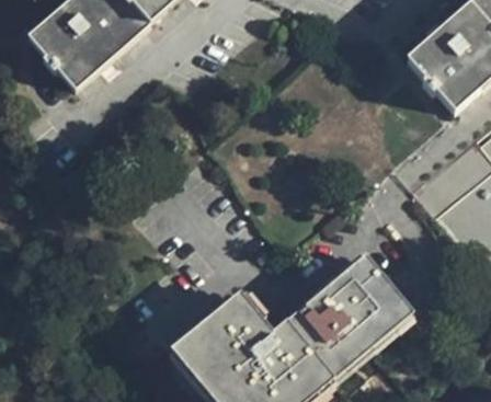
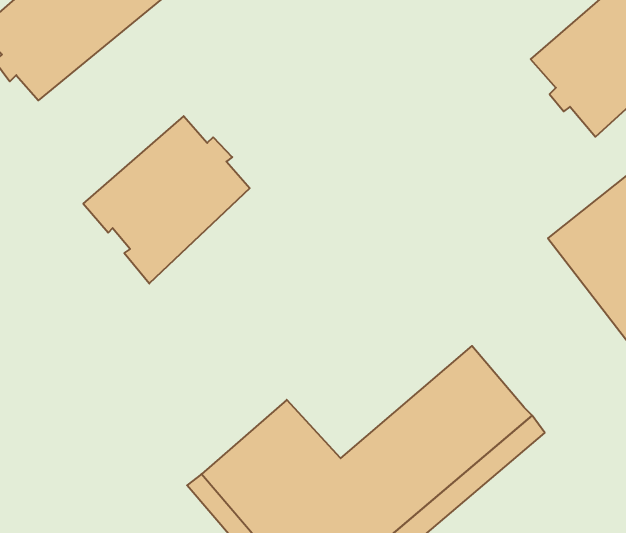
building: none -> [83,116,250,284]

